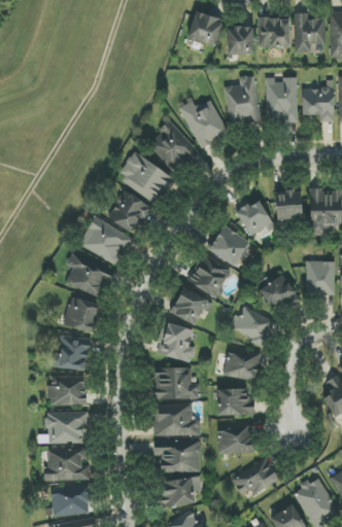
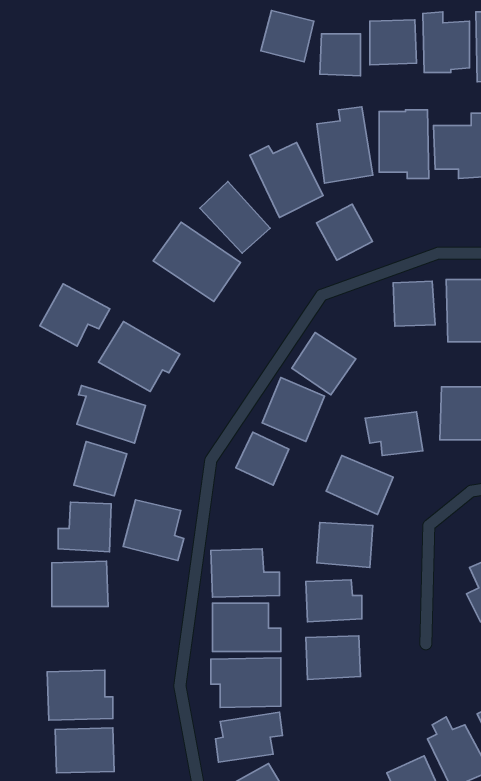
building: [107,190,153,232] -> [40,284,110,346]
building: [237,200,274,237] -> [316,204,373,260]
building: [156,322,196,362] -> [123,500,184,560]
building: [47,412,89,444] -> none
building: [232,459,278,494] -> none

